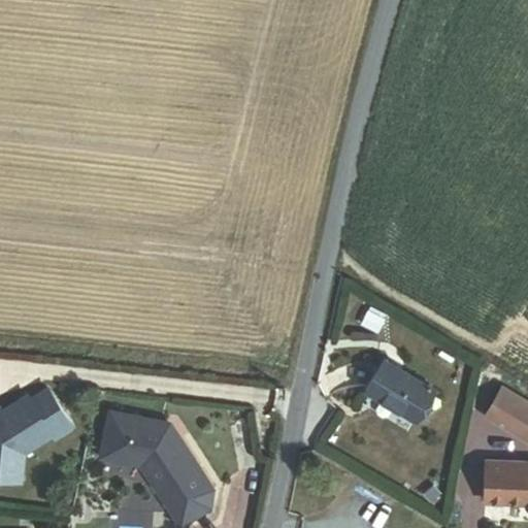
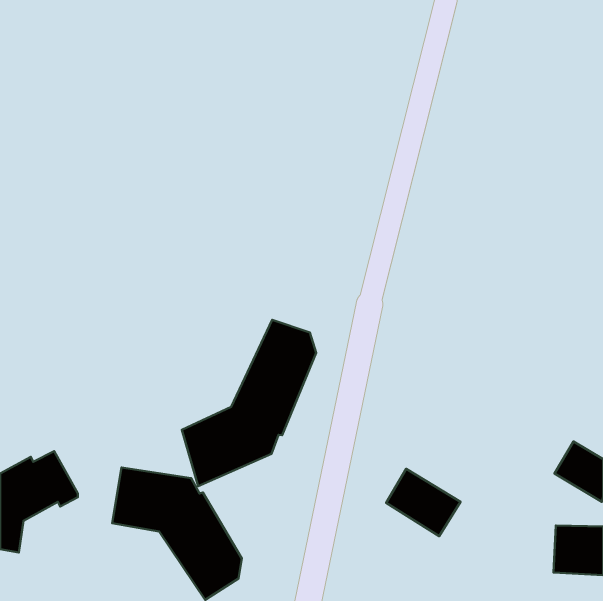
building: none -> [182,320,316,486]
building: [370,361,435,420] -> [386,469,460,536]

